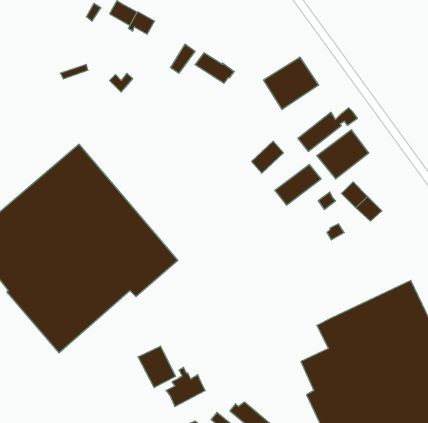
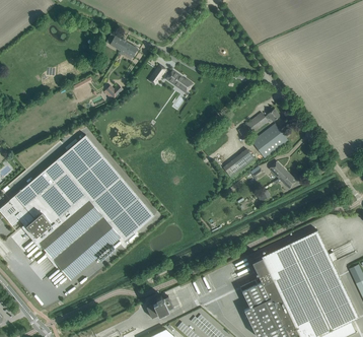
building: [264,57,319,110] -> none
building: [138,346,175,388] -> none

